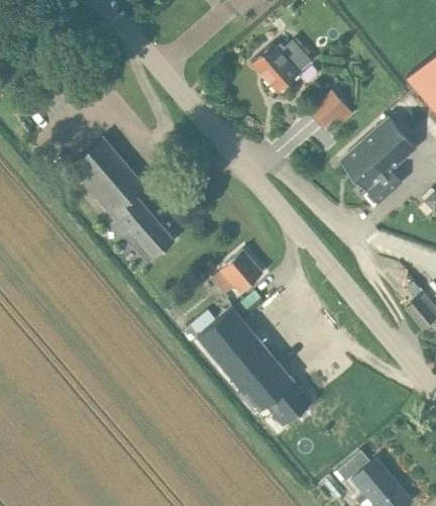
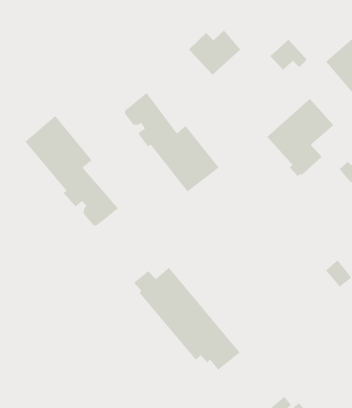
building: [310,92,352,127] -> [270,39,307,71]
building: none -> [124,92,220,193]
building: [211,250,262,294] -> none

